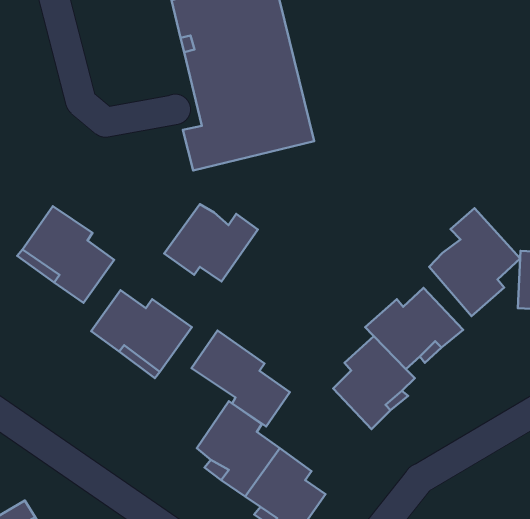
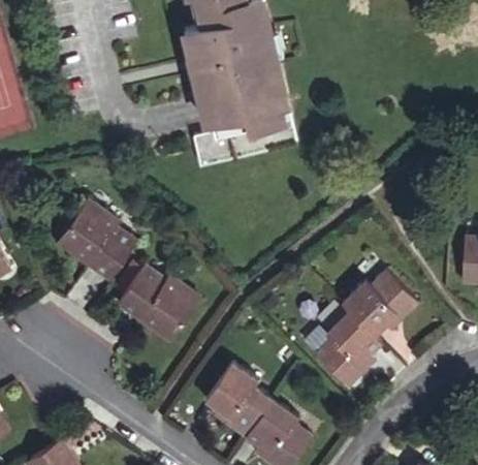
building: [164,204,258,282] -> none
building: [429,208,520,316] -> none
building: [192,331,290,427] -> none

